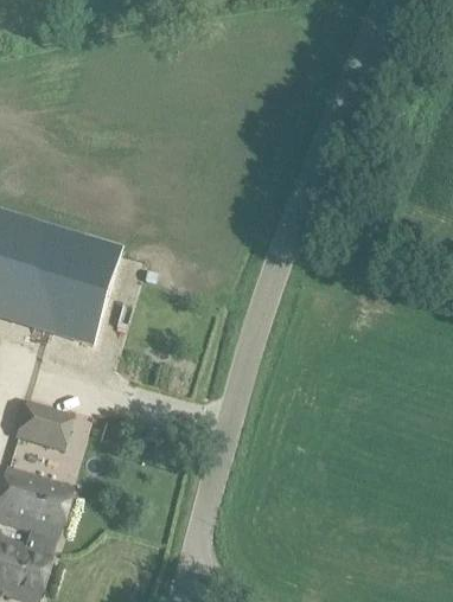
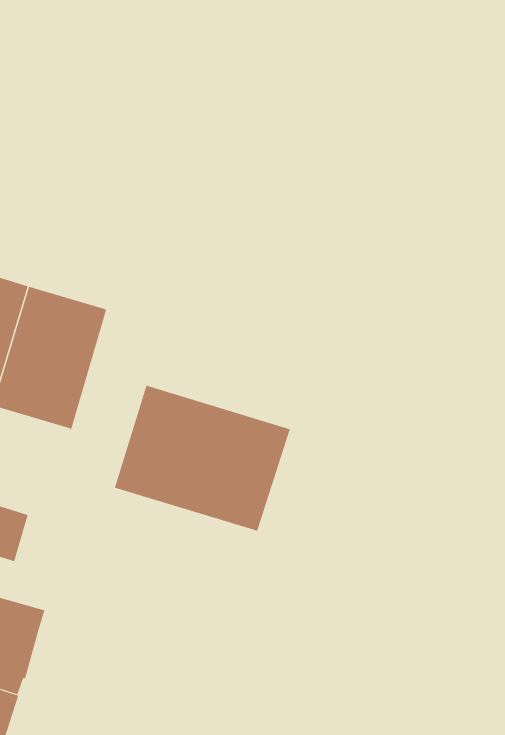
building: none -> [114,385,290,531]

